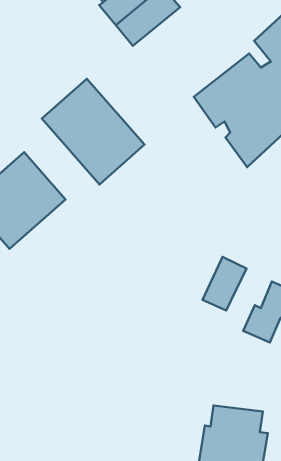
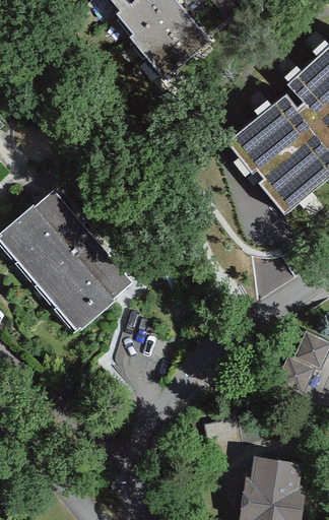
building: [42,79,145,184] -> none
building: none -> [39,243,137,339]
building: [203,257,246,311] -> none

